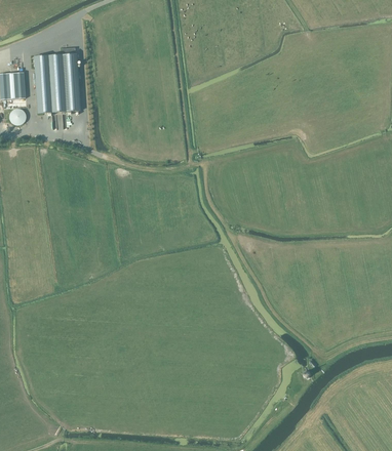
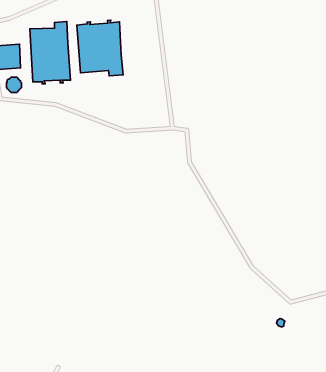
building: none -> [77,20,123,76]

